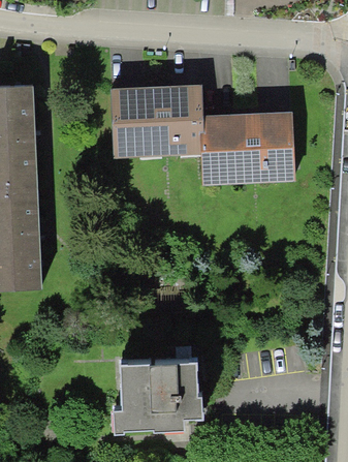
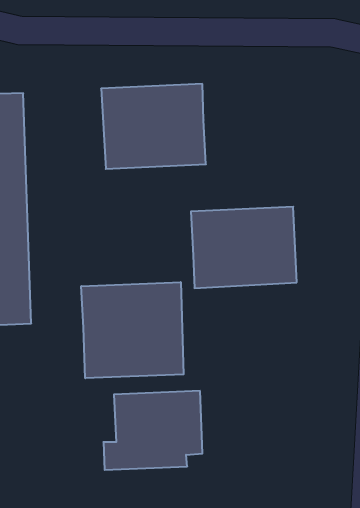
building: [201,110,295,182] -> [191,207,297,288]
building: none -> [81,282,184,378]

